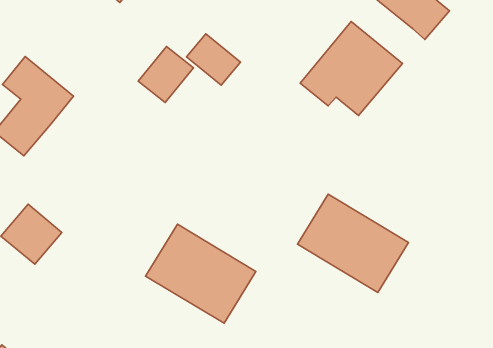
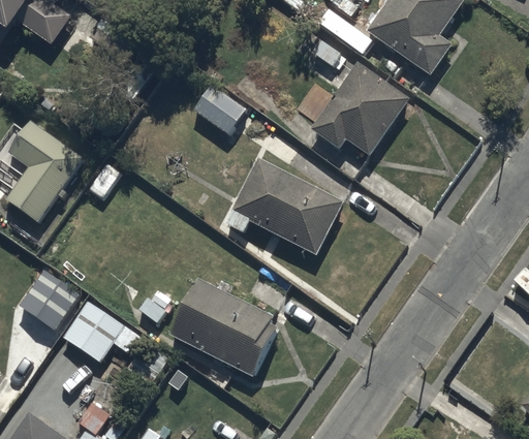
building: [138,46,193,103] -> none
building: [298,194,409,292] -> [231,159,343,254]
building: none -> [59,302,122,363]

